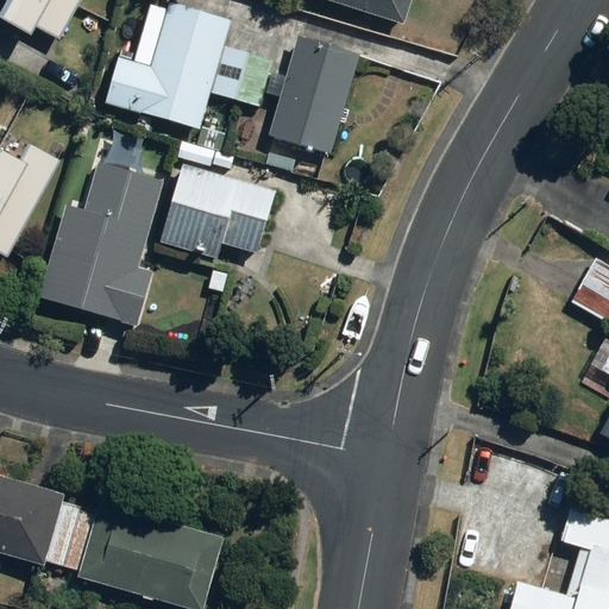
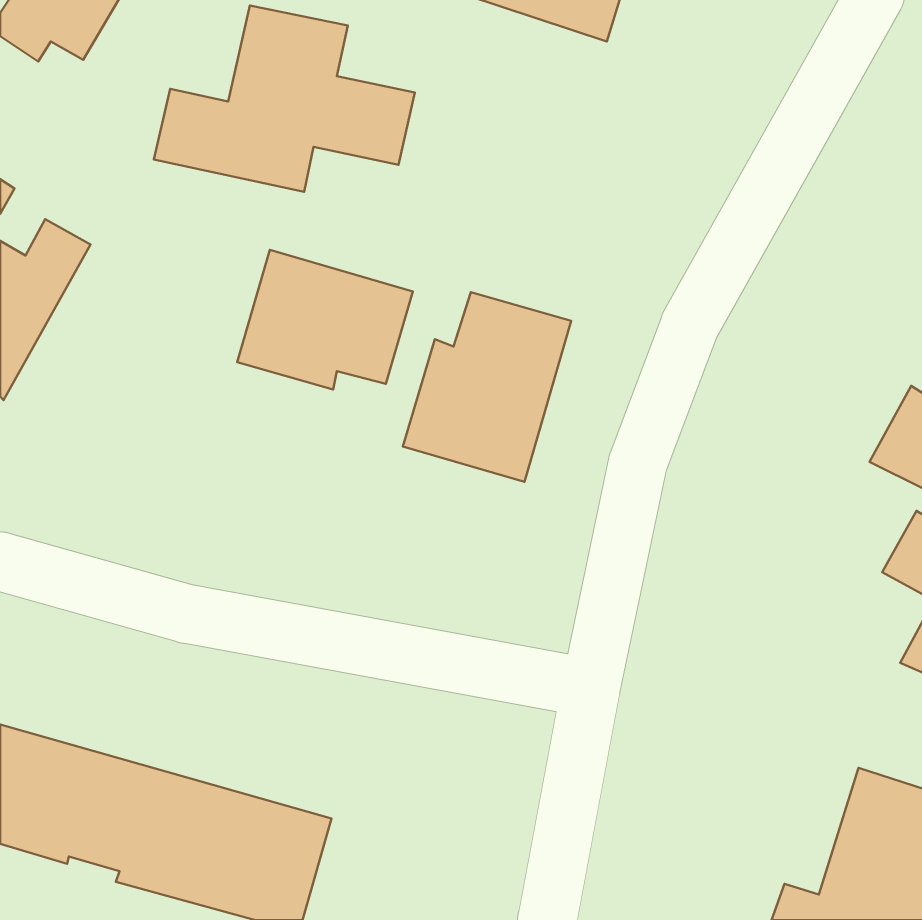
building: [269,39,357,151] -> none
building: [37,161,164,325] -> none
building: none -> [403,292,571,482]

